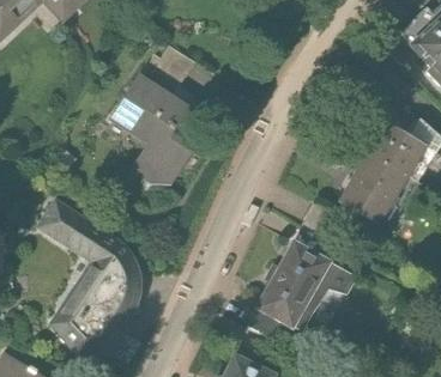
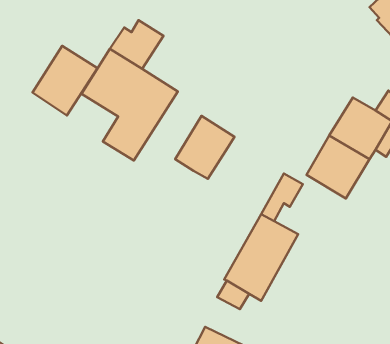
building: none -> [32,46,98,116]
building: none -> [175,116,234,179]
building: [38,196,141,357] -> none
building: [294,261,357,332] -> none

